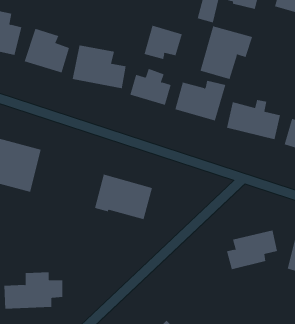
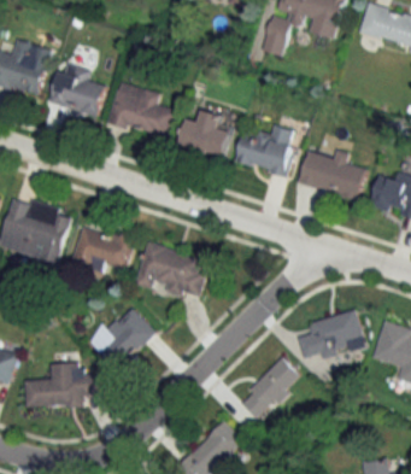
building: [144,25,183,60] -> none
building: [200,25,253,80] -> none
building: none -> [71,224,134,275]
building: none -> [89,305,155,370]
building: none -> [237,357,301,421]

